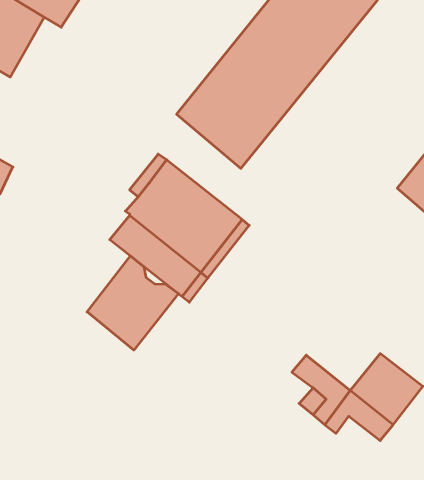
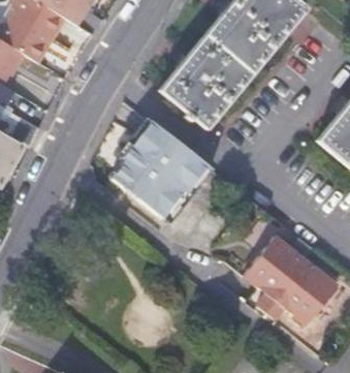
building: [87,256,178,350] -> none
building: none -> [254,237,308,289]

